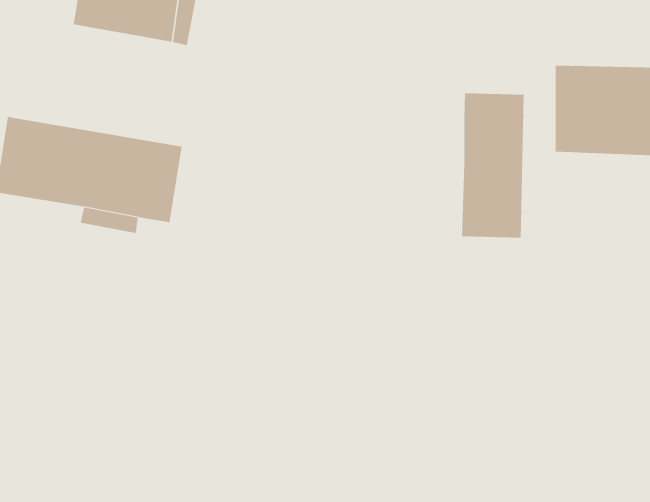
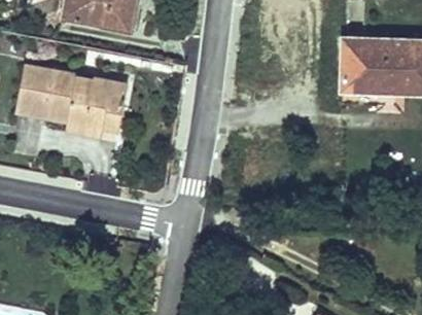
building: [462,92,524,239] -> none

